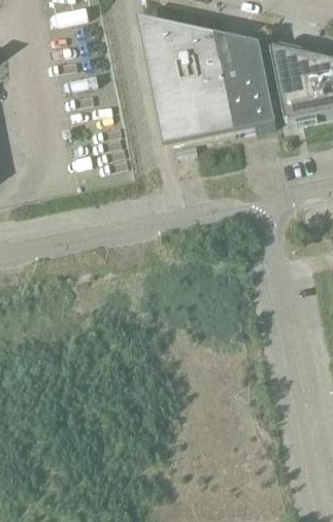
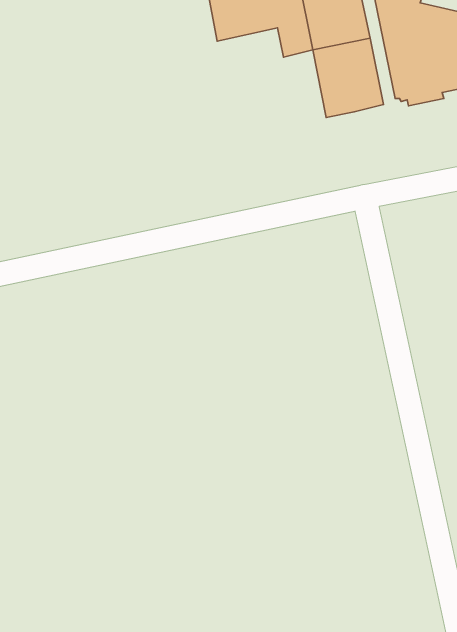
building: [159,68,235,142] -> none

